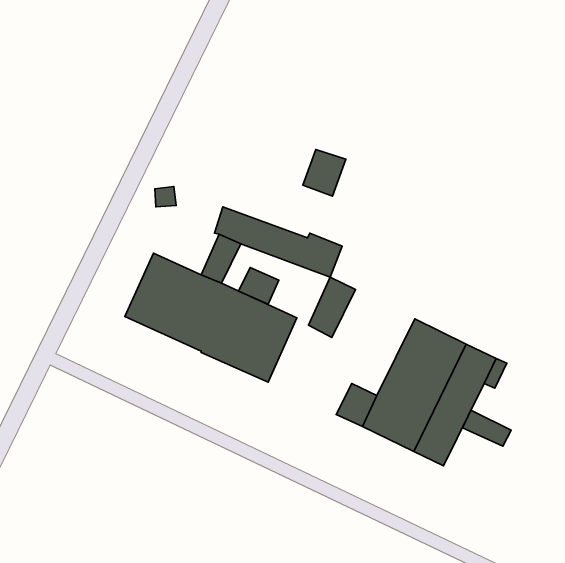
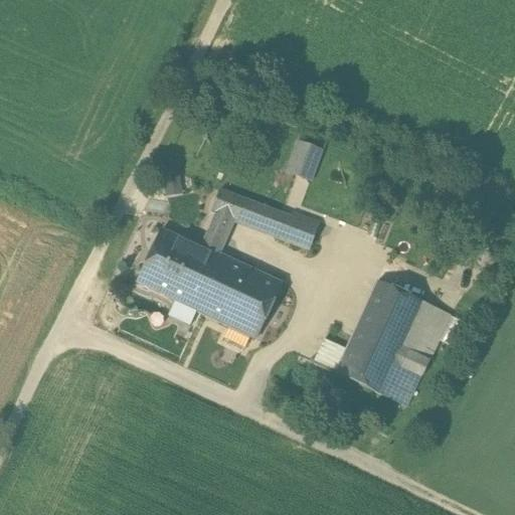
building: [239,268,279,304] -> none
building: [309,277,355,337] -> none
building: [462,410,511,446] -> none

